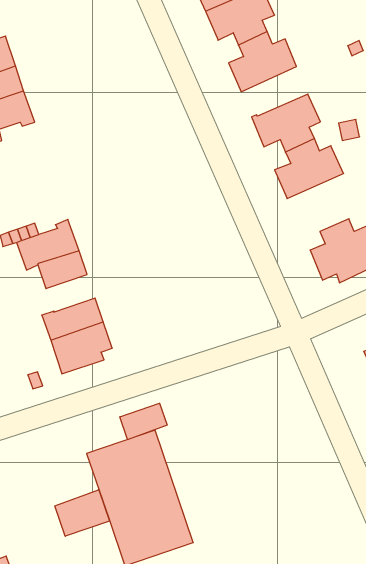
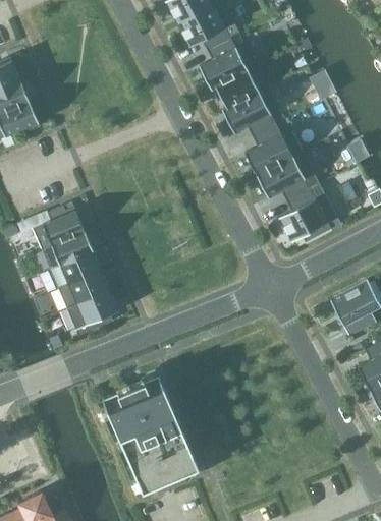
building: none -> [211,65,267,109]
building: none -> [256,152,313,201]
building: none -> [59,251,101,285]
building: [120,403,167,439] -> none
building: [55,490,110,536] -> none

